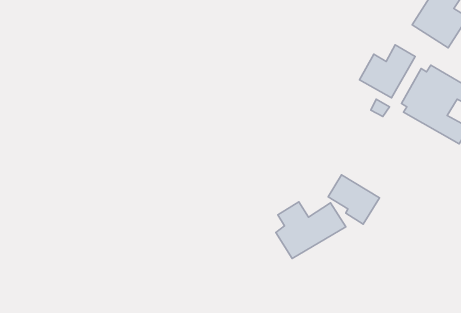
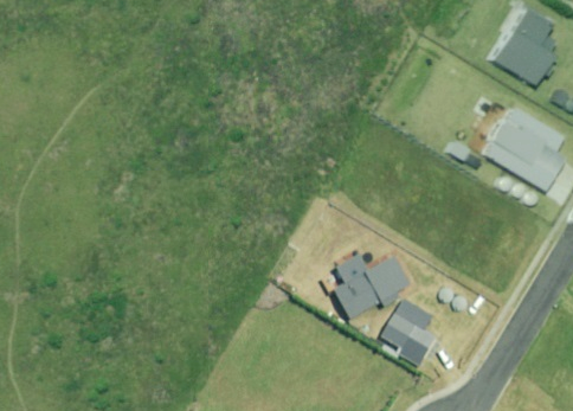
building: [360,45,415,98] -> none
building: [328,175,380,224] -> [386,309,442,362]

